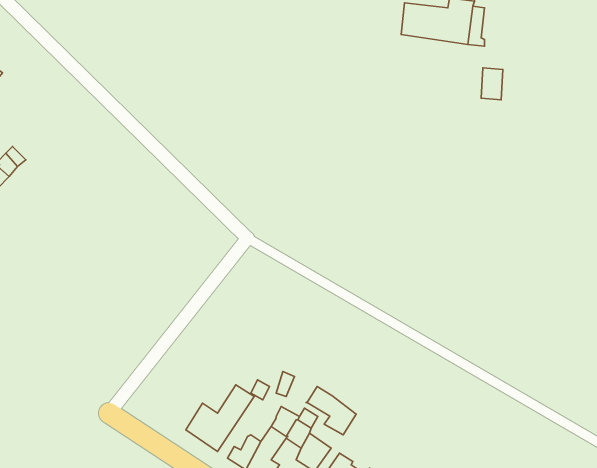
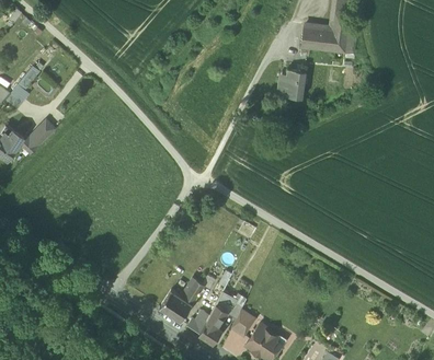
building: none -> [276,70,305,100]
building: [306,386,356,435] -> none

